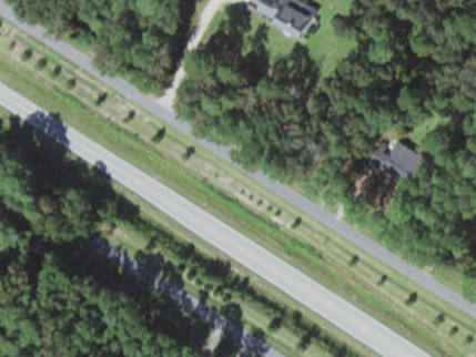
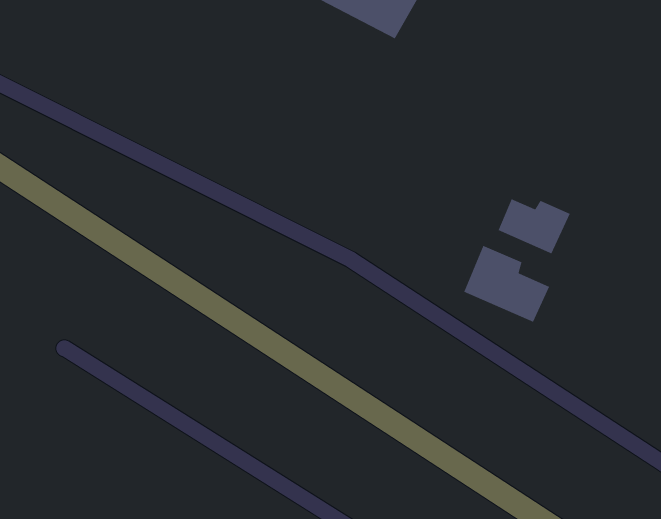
building: none -> [463,245,550,323]

